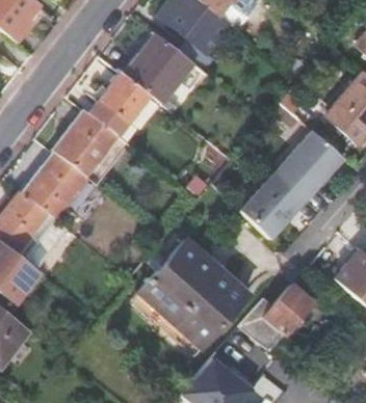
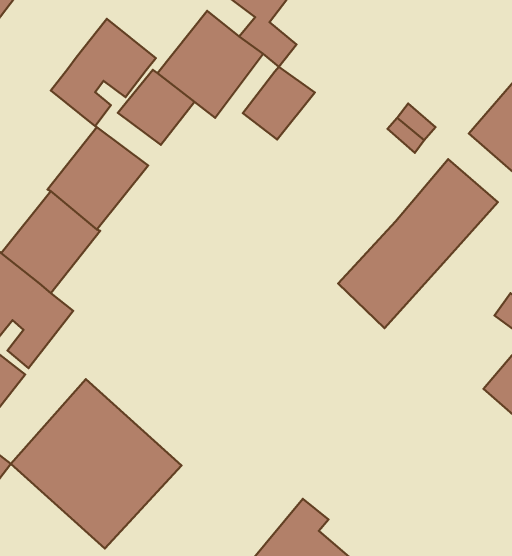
building: none -> [51,19,156,126]
building: none -> [243,67,315,140]
building: [138,239,250,349] -> [11,379,182,548]
building: [242,285,312,350] -> none

